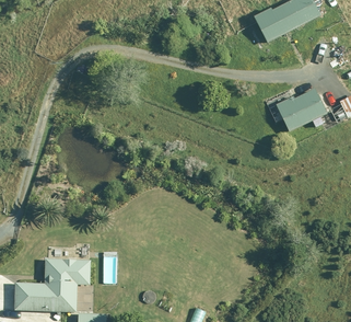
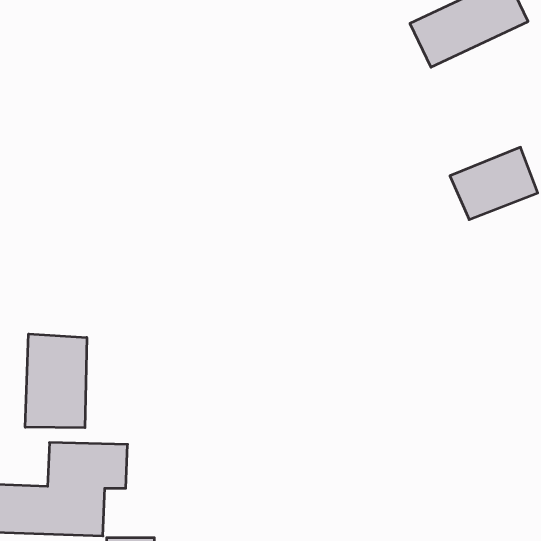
building: none -> [25,334,87,428]

